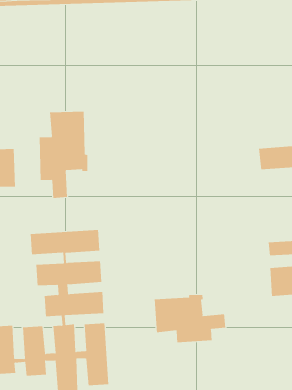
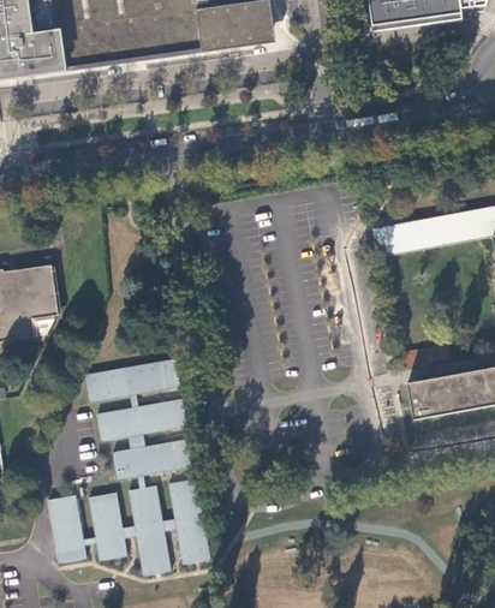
building: [39,111,88,199] -> none
building: [154,294,226,343] -> none

